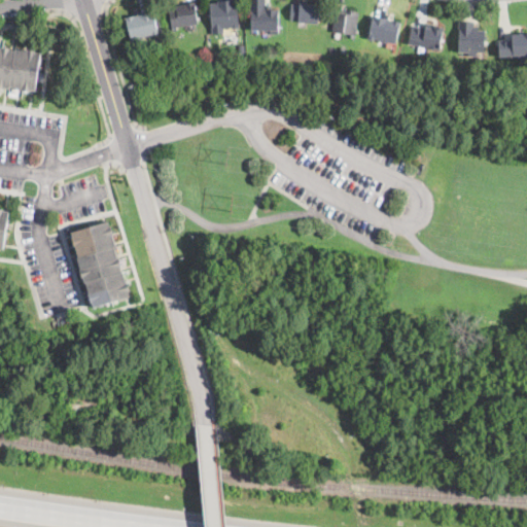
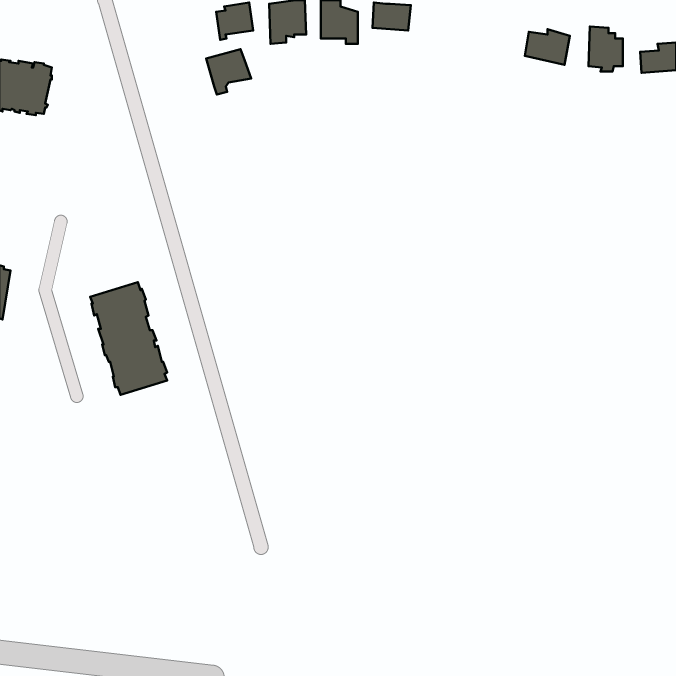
building: [331,9,358,40] -> none
building: [124,11,159,46] -> [206,49,251,94]
building: [366,16,400,44] -> none

